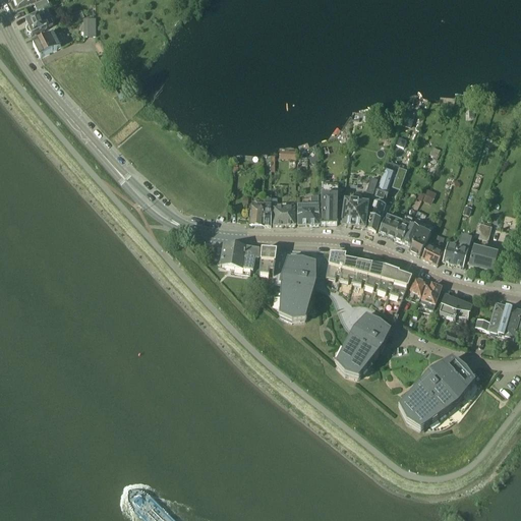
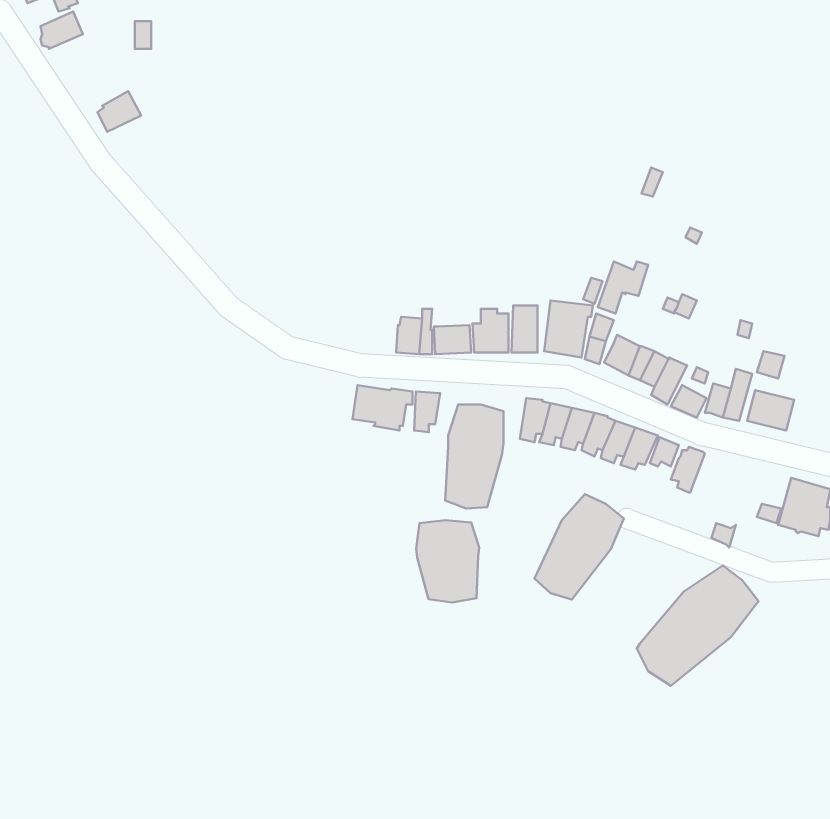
building: [33,26,60,52] -> [97,91,141,132]
building: [439,292,469,321] -> none
building: none -> [416,520,479,602]

